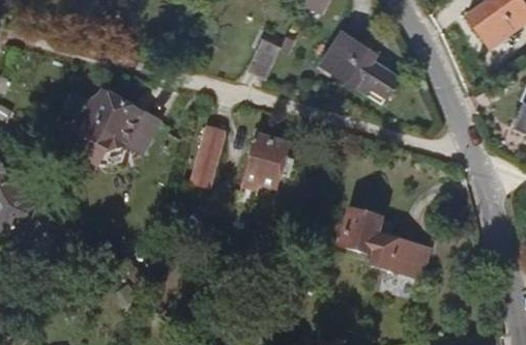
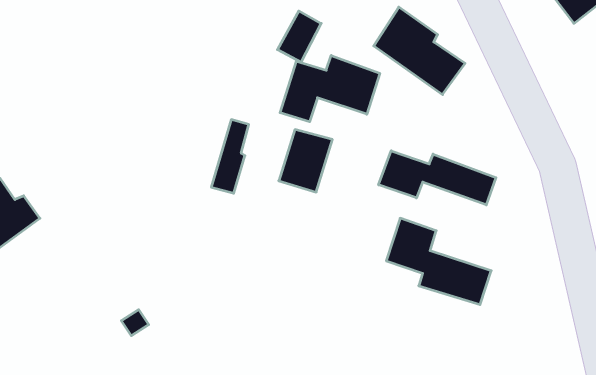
building: none -> [280,55,380,122]
building: [60,88,156,164] -> none
building: none -> [379,151,496,205]

